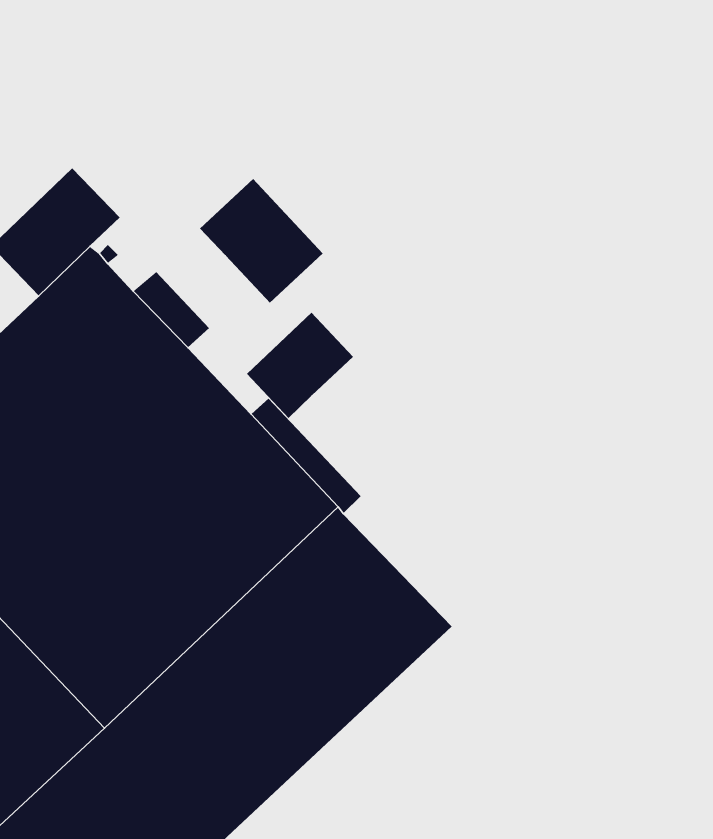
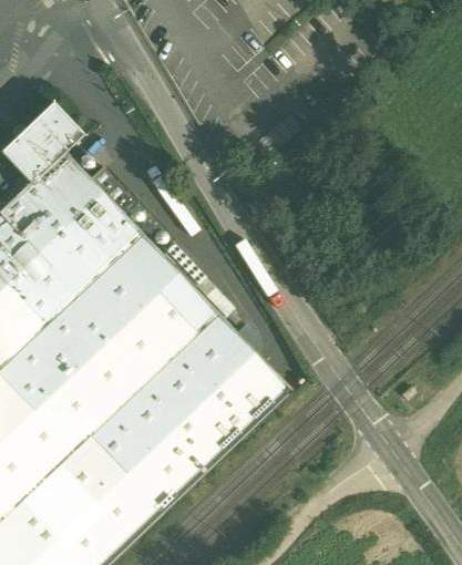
building: [199,178,324,304] -> none
building: [246,312,354,419] -> none

